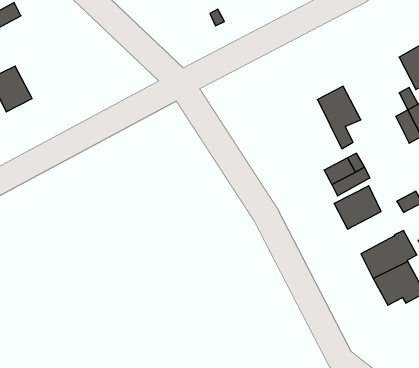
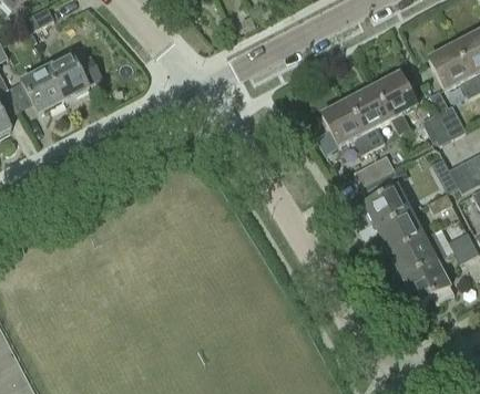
building: none -> [47,54,101,100]
building: none -> [371,74,415,135]
building: none -> [319,101,370,155]
building: none -> [376,211,422,253]

